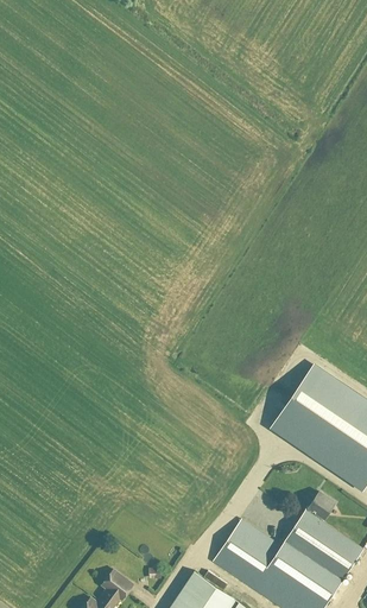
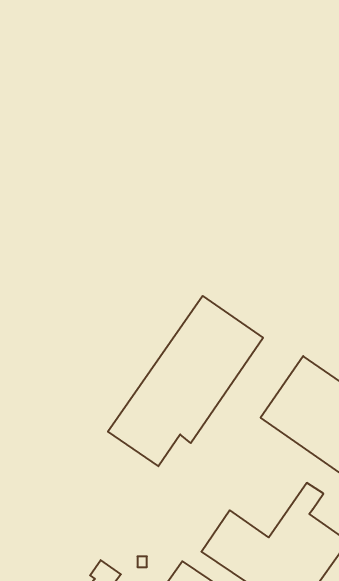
building: none -> [108,296,263,466]

